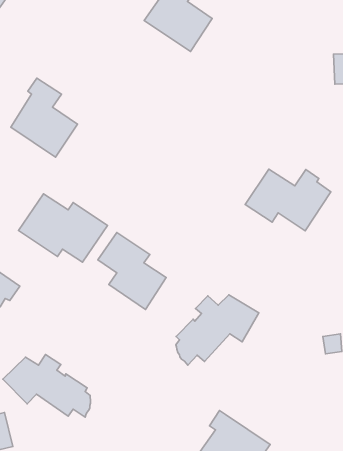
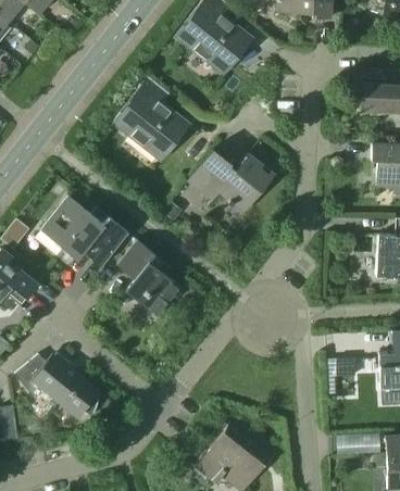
building: [11,78,77,157] -> [118,77,184,155]
building: [245,169,331,231] -> [187,150,272,213]
building: [176,295,259,365] -> none

